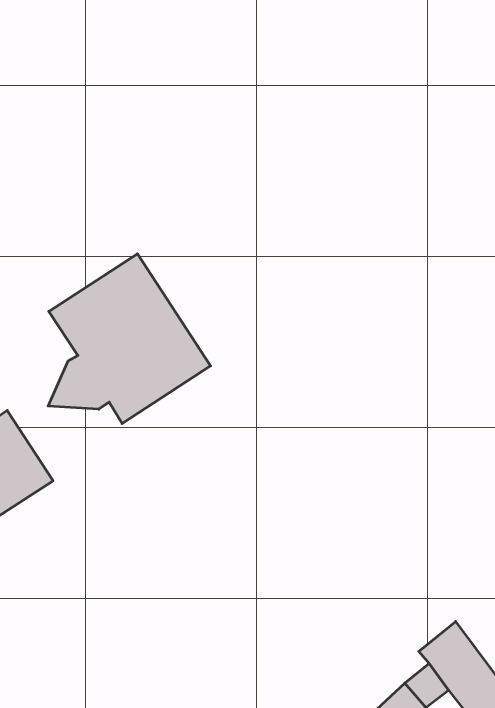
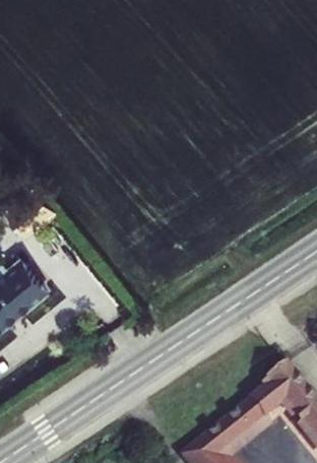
building: [48,254,211,424] -> none

